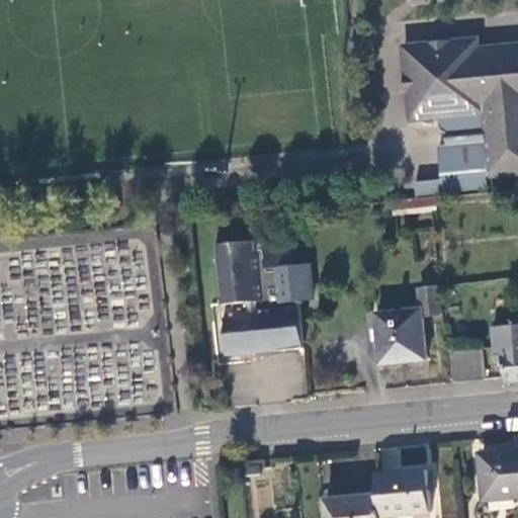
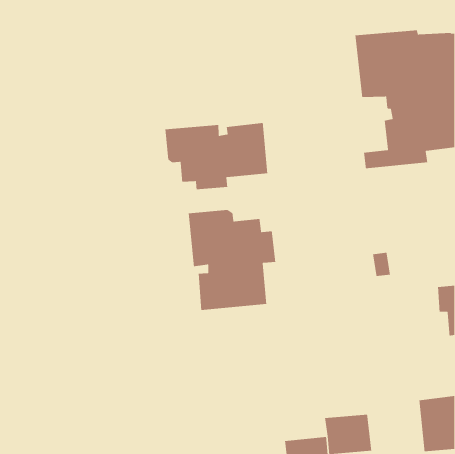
building: none -> [164,122,268,190]
building: [380,312,430,365] -> none
building: [449,345,485,383] -> none

